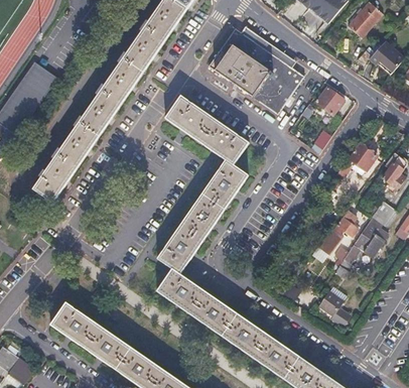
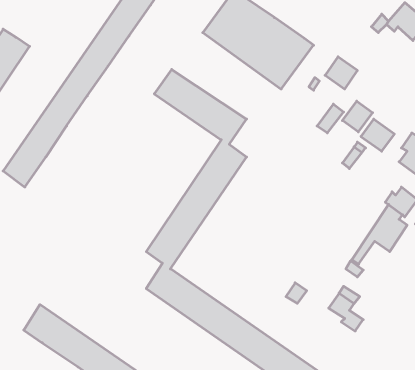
building: none -> [342,101,373,132]
building: [321,214,360,257] -> none

